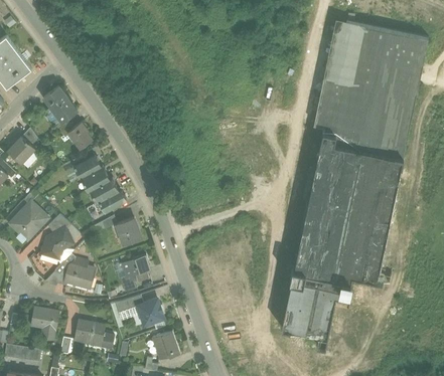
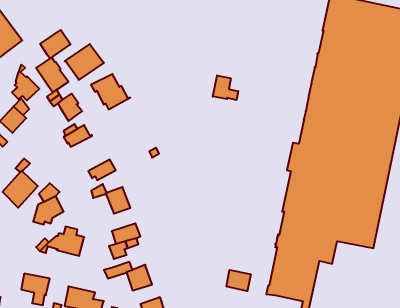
building: none -> [40,30,71,58]
building: none -> [65,44,104,80]
building: none -> [12,65,39,100]
building: none -> [213,75,238,100]
building: [80,166,120,202] -> [91,74,130,109]
building: none -> [227,270,251,291]

